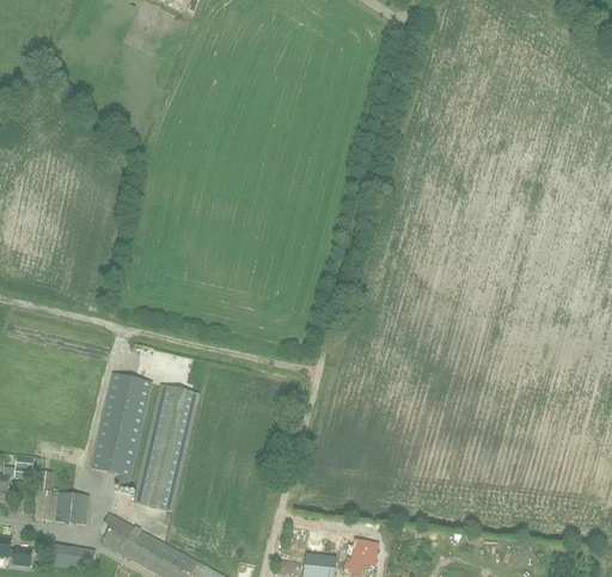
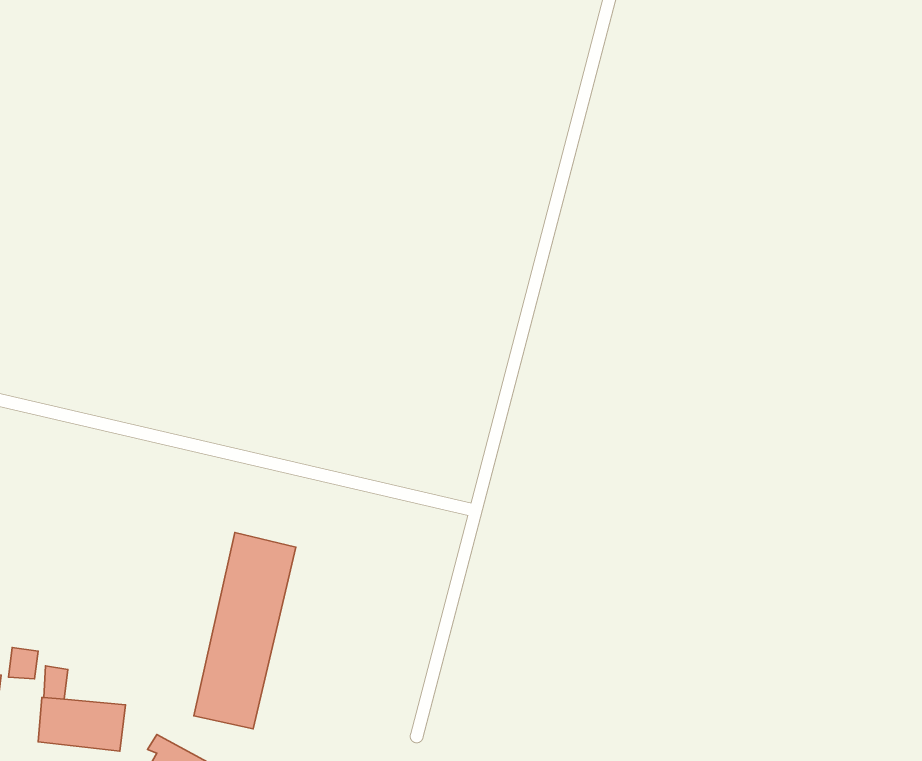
building: [91,373,152,484] -> none

